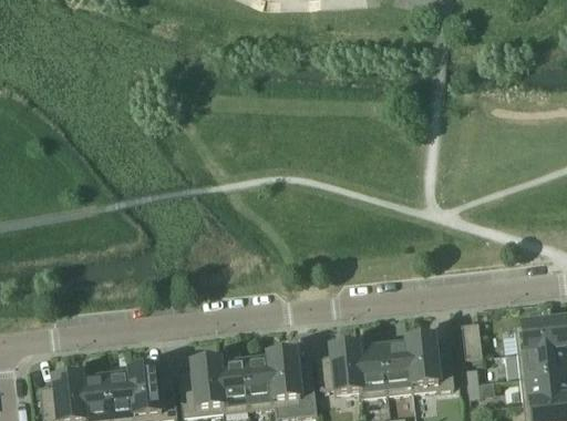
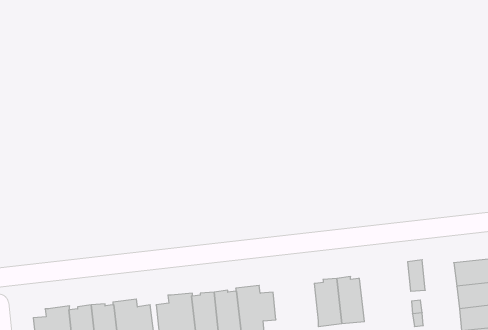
building: [405,336,453,391] -> none
building: [316,343,360,392] -> none

